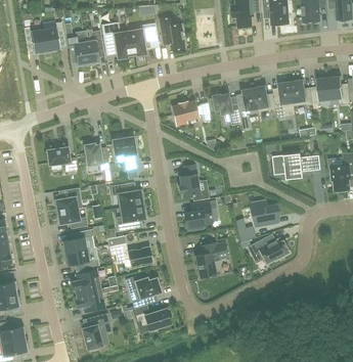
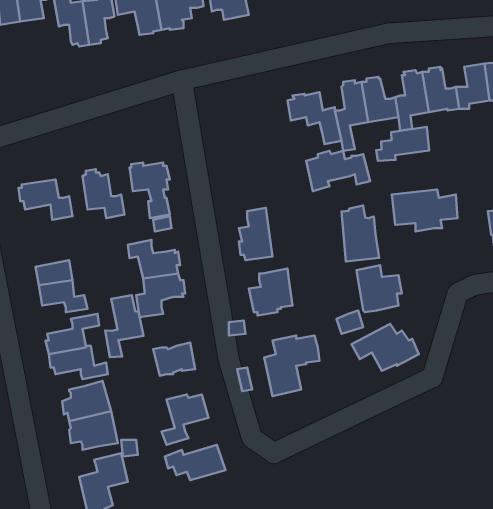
building: [172,100,211,125] -> [306,151,370,191]
building: none -> [376,127,429,161]
building: none -> [341,206,379,262]
building: none -> [105,295,144,357]

